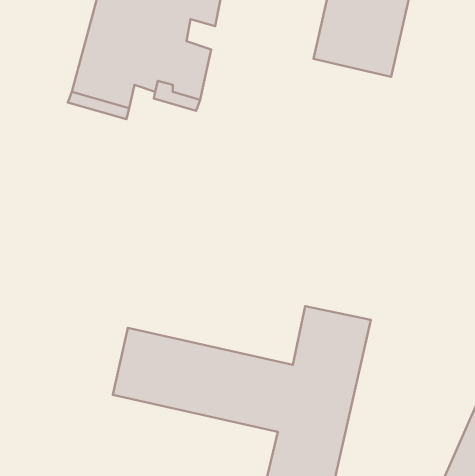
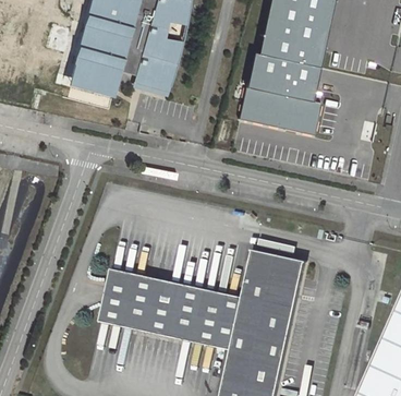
building: none -> [241,52,321,135]

